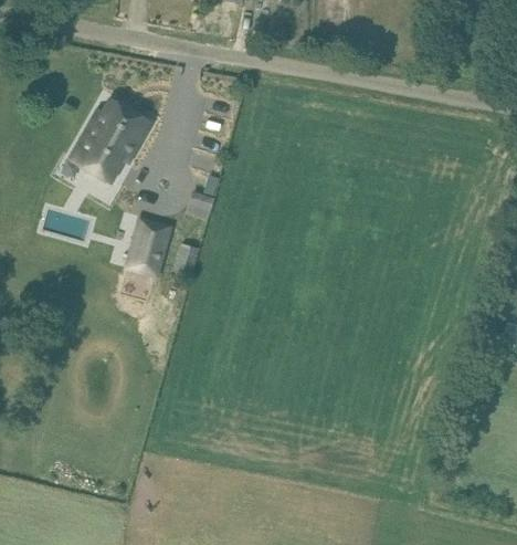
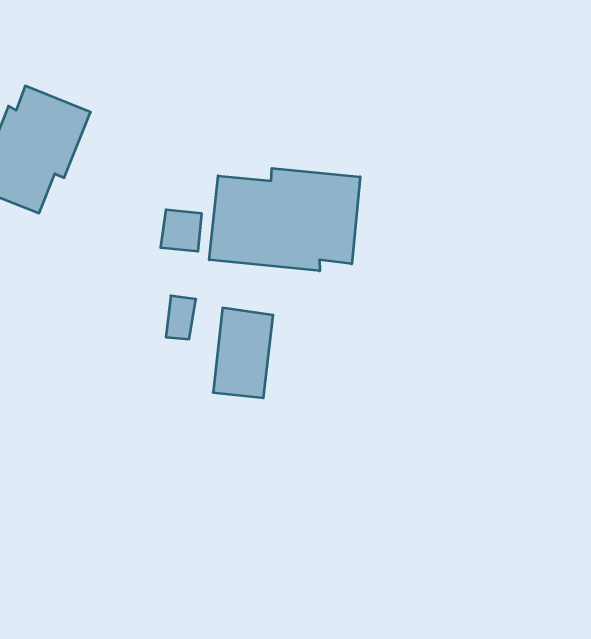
building: none -> [209,168,360,271]
building: [126,216,170,275] -> [213,308,273,398]

